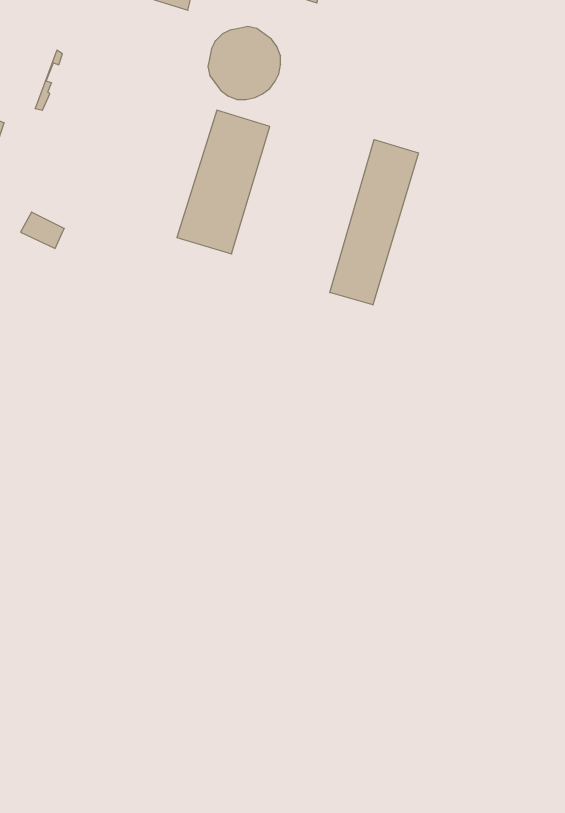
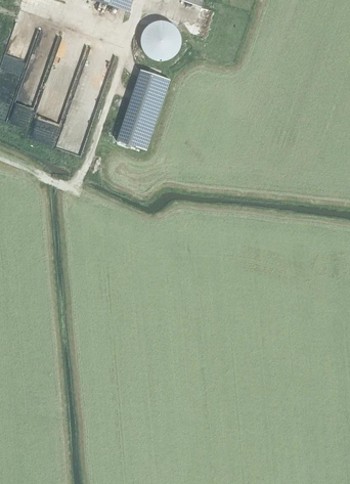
building: [330,140,418,305] -> none

